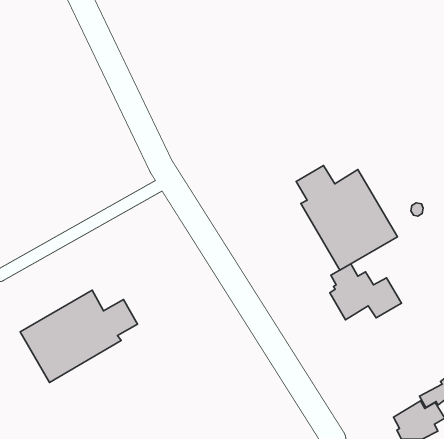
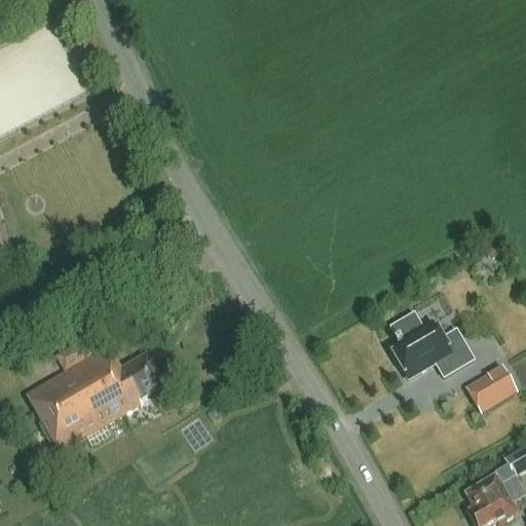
building: [296,165,397,270] -> none
building: none -> [465,363,518,412]

